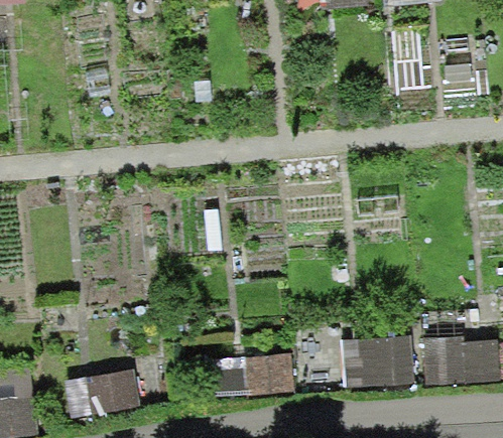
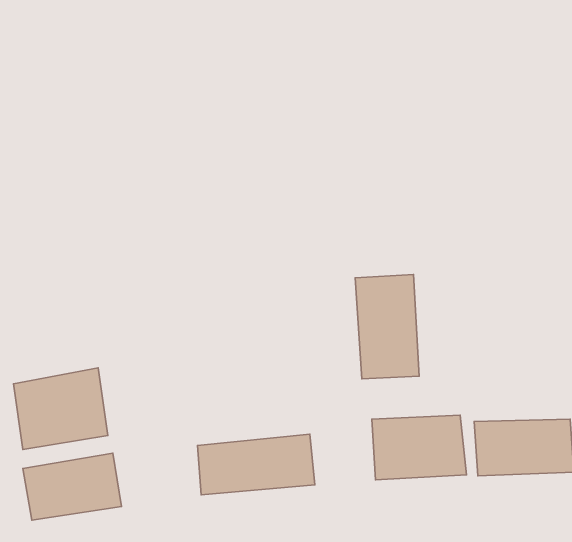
building: none -> [355,274,419,379]
building: none -> [13,368,108,450]

